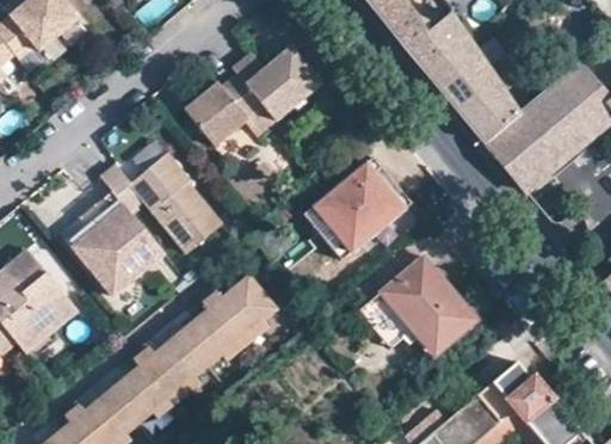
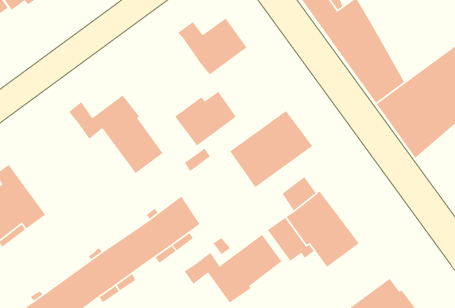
building: [181,75,260,147] -> [174,91,237,147]
building: [64,191,165,297] -> none
building: none -> [184,234,282,304]

